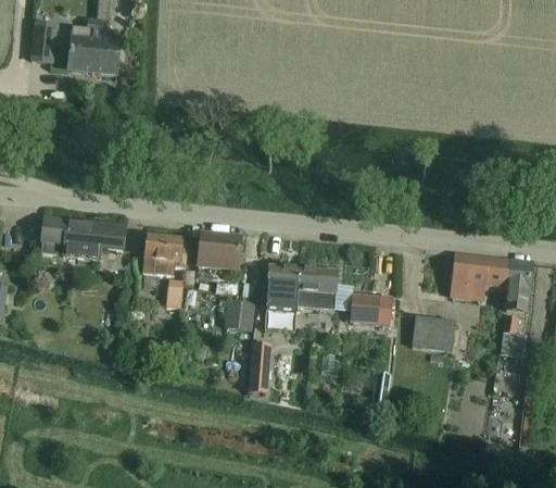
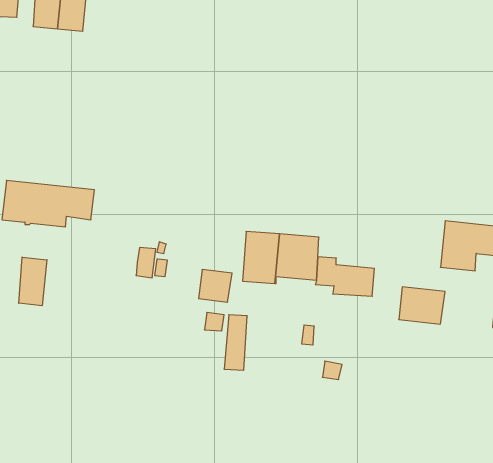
building: [199,230,242,270] -> none
building: [143,234,189,274] -> none
building: none -> [19,257,47,306]

